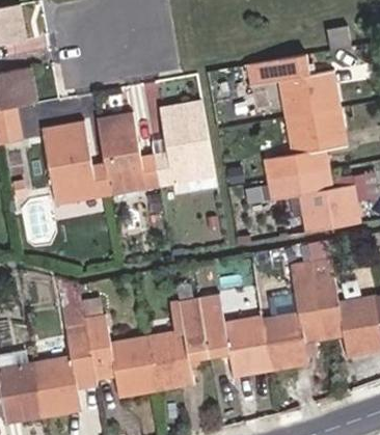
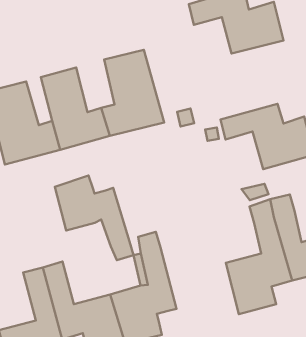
building: [265,107,345,179] -> none
building: none -> [55,176,133,260]
building: [199,296,270,376] -> none

